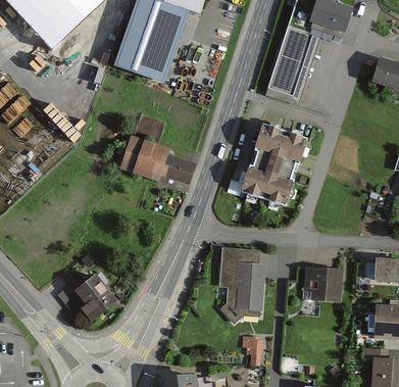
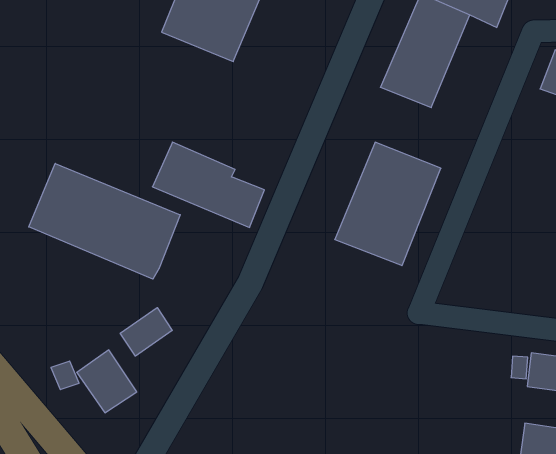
building: none -> [29,163,180,279]
building: none -> [120,308,172,356]
building: [218,248,263,325] -> none
building: [302,267,341,300] -> none

